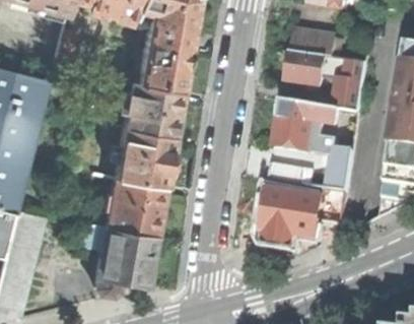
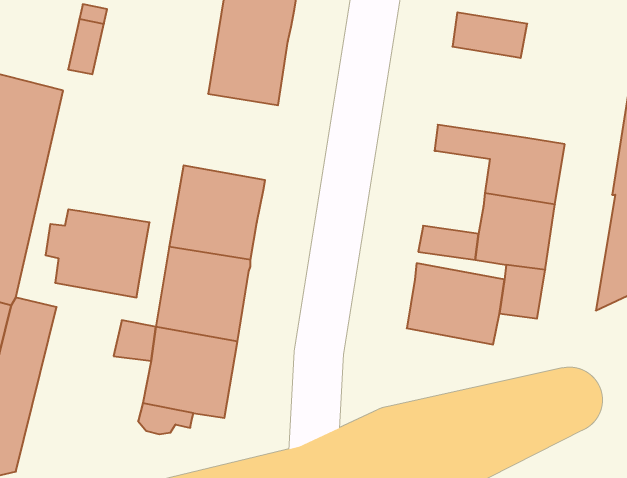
building: [283,52,325,86] -> none
building: [334,60,365,113] -> none
building: [115,80,180,135] -> [45,209,150,297]
building: [274,117,312,151] -> none

